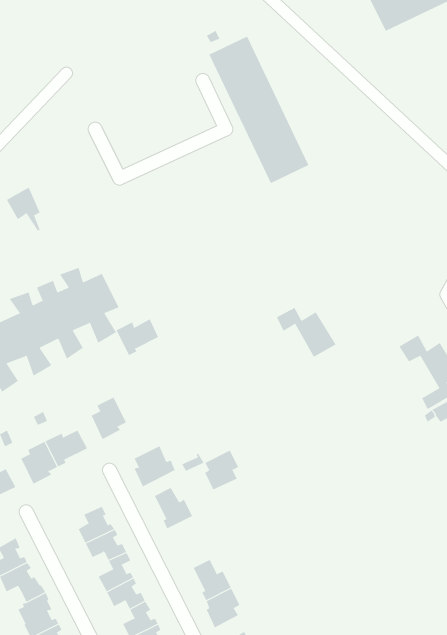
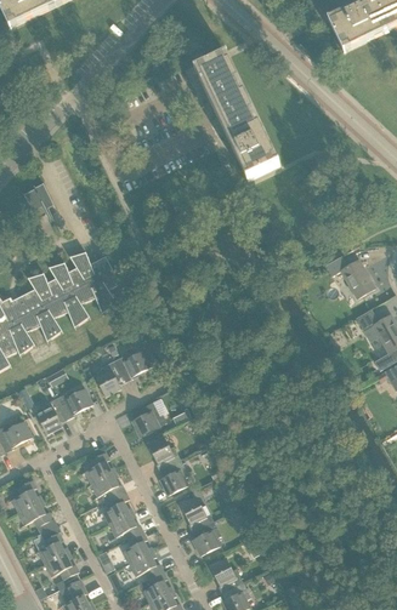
building: [276,307,336,357] -> [324,255,375,297]
building: [116,319,159,356] -> [114,349,151,381]
building: [204,450,239,490] -> [159,460,188,494]

